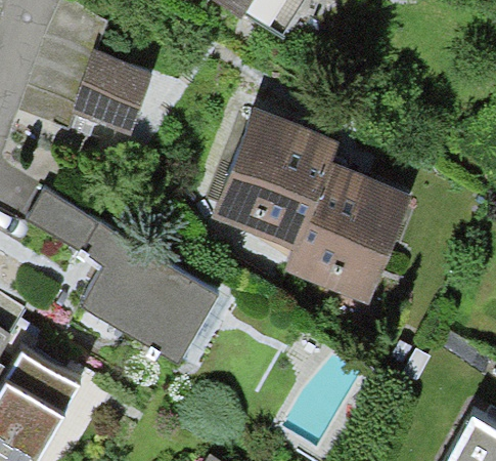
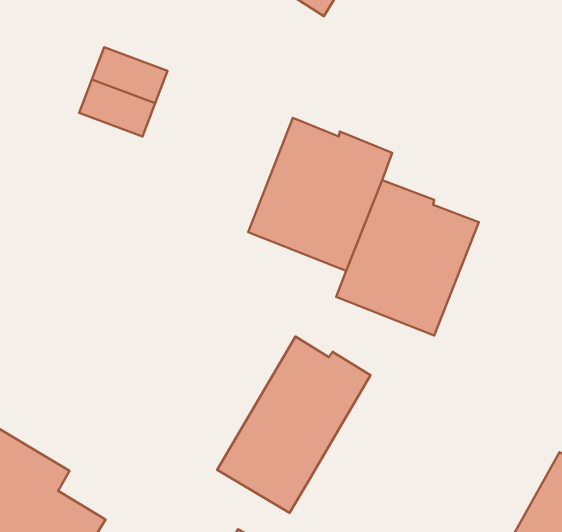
building: [26,192,220,365] -> none
building: none -> [217,336,370,513]

